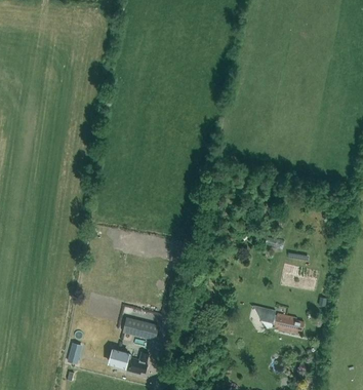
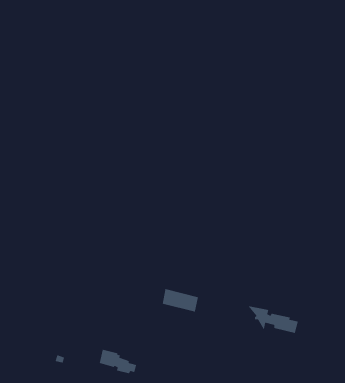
building: [122,316,158,340] -> [162,288,199,313]

